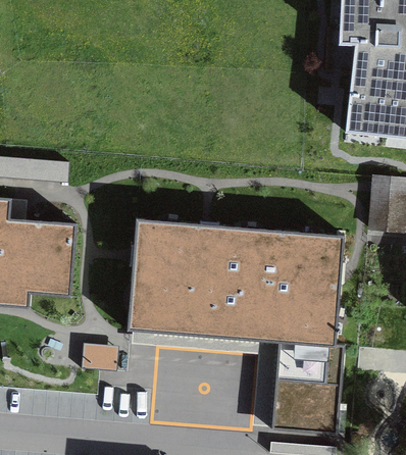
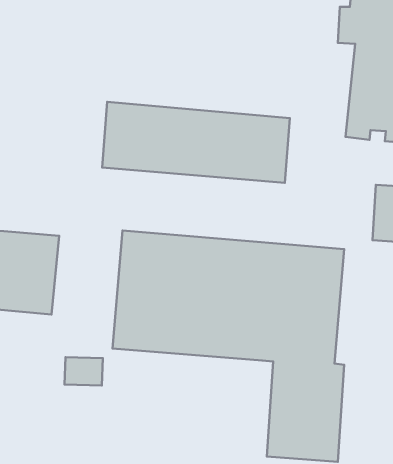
building: none -> [102,102,290,183]

